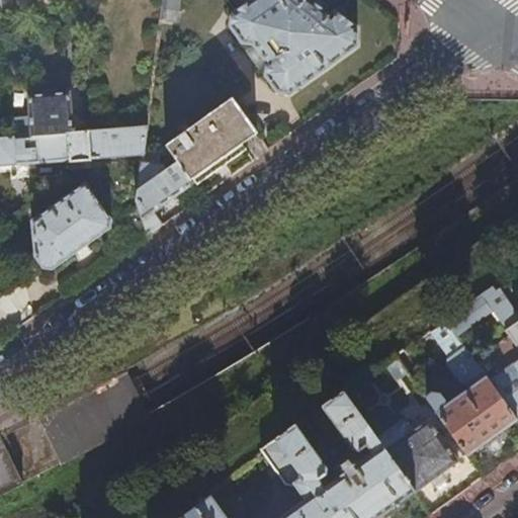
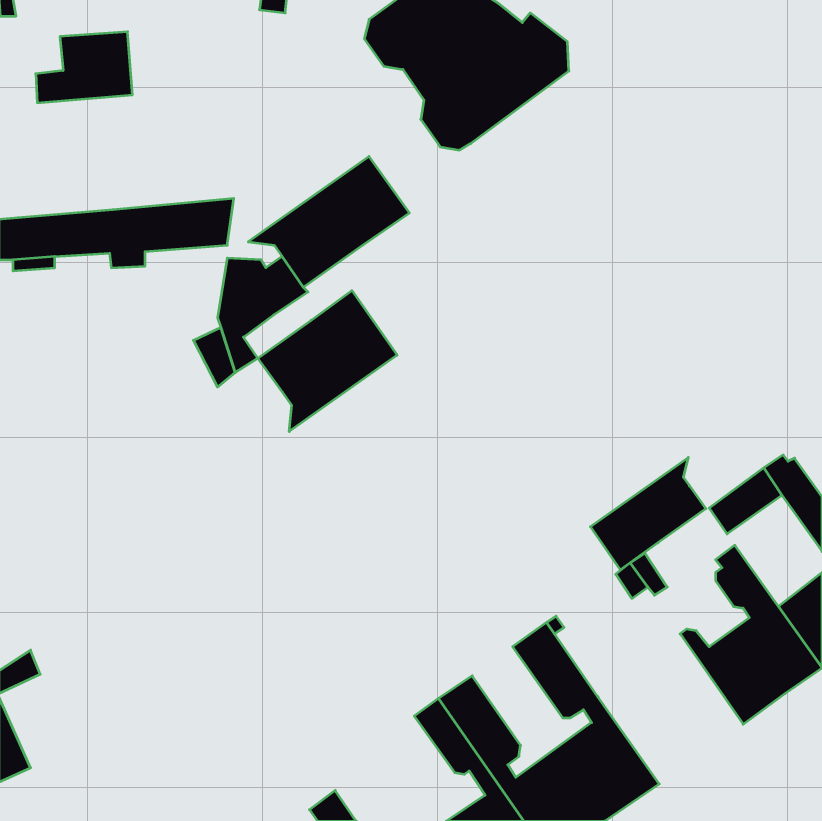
building: [10,92,71,137] -> [36,32,132,103]
building: [30,181,110,268] -> none
building: none -> [258,291,397,432]
building: none -> [590,457,706,570]
building: [375,419,458,492] -> none

